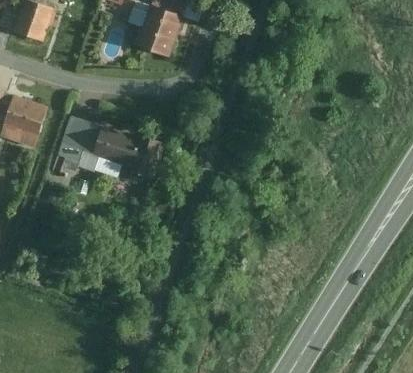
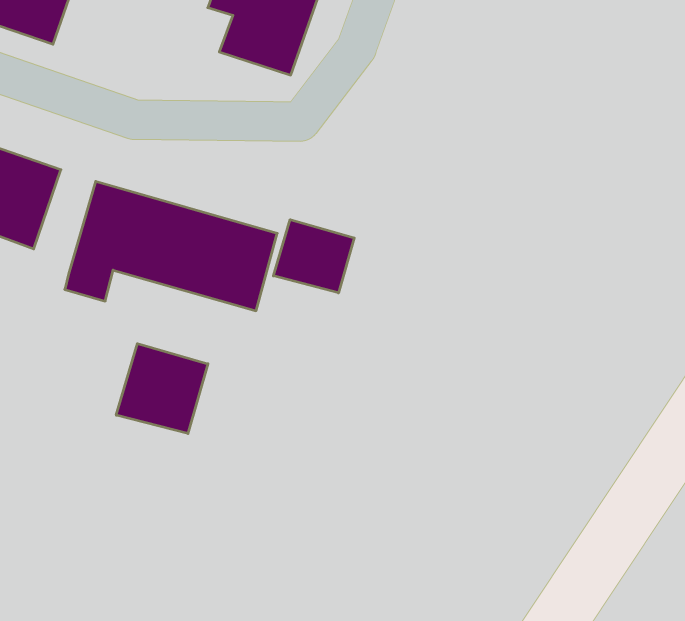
building: none -> [273,220,354,293]
building: none -> [116,344,208,434]

